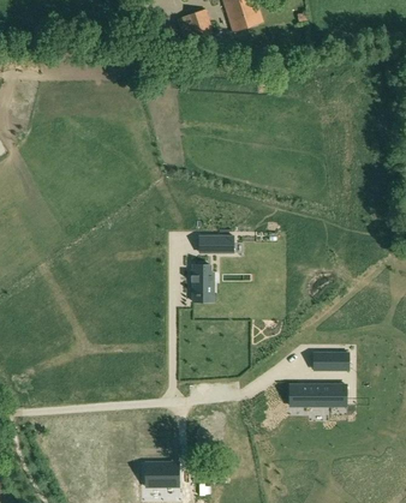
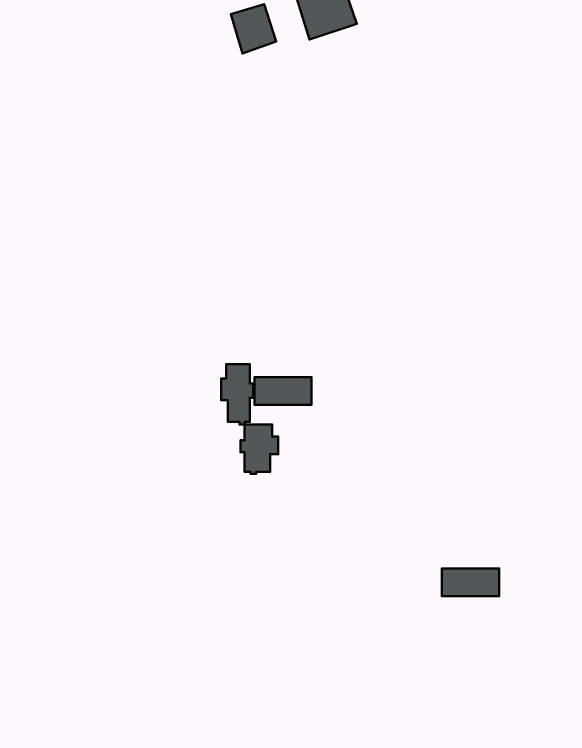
building: none -> [221,364,253,424]
building: [295,385,345,407] -> none

